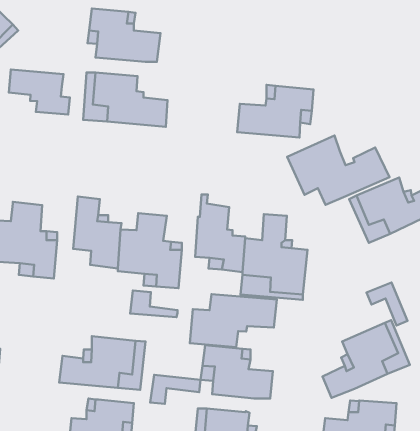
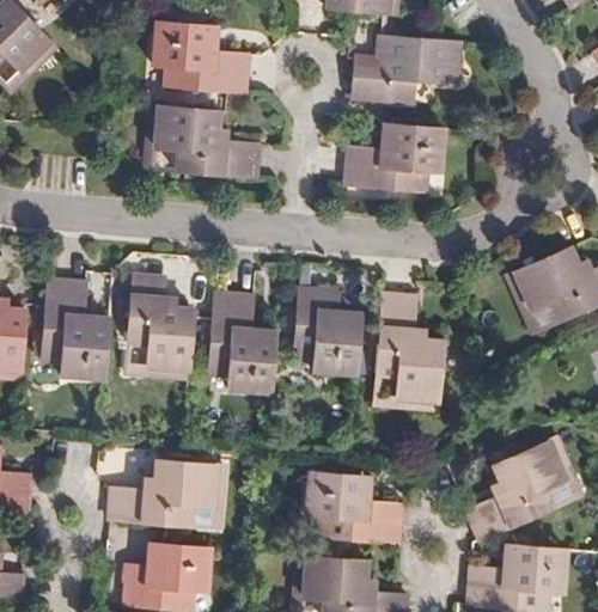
building: none -> [350,33,458,104]
building: [9,70,70,115] -> none
building: [287,136,389,205] -> none
building: [366,283,408,325] -> none
building: [130,290,178,317] -> [128,342,191,378]
building: [190,294,277,347] -> none
building: [150,375,201,404] -> none

